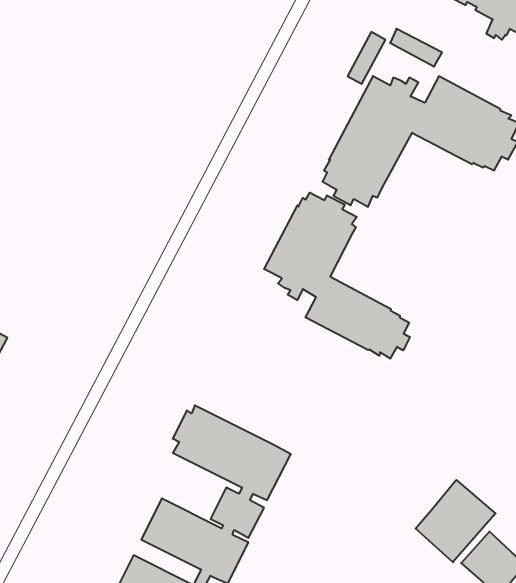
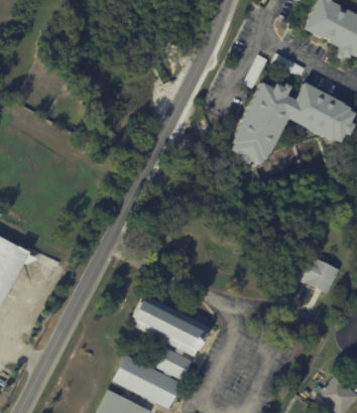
building: [264,193,410,359] -> none
building: none -> [291,251,340,293]
building: [416,480,496,562] -> none

